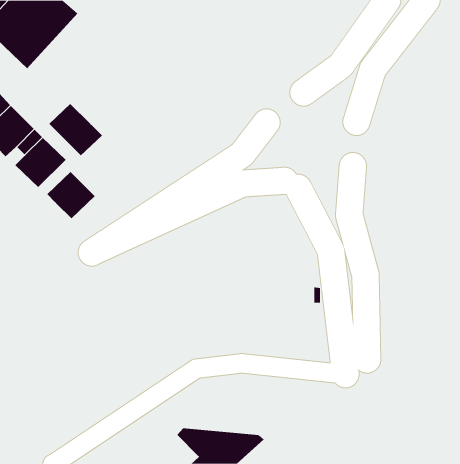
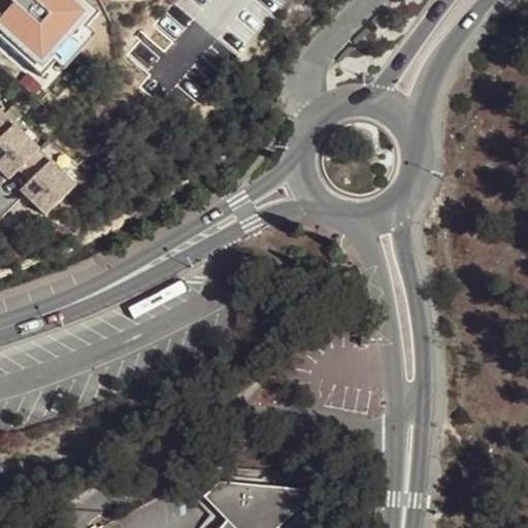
building: [48,103,103,156] -> none
building: [46,171,96,219] -> none

